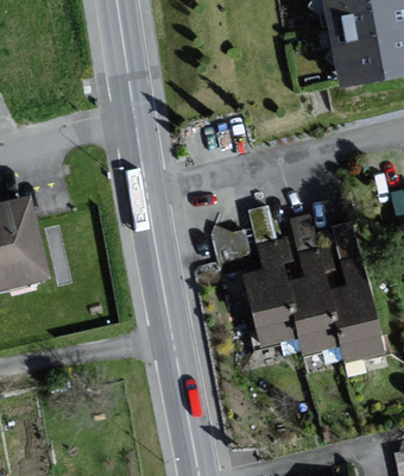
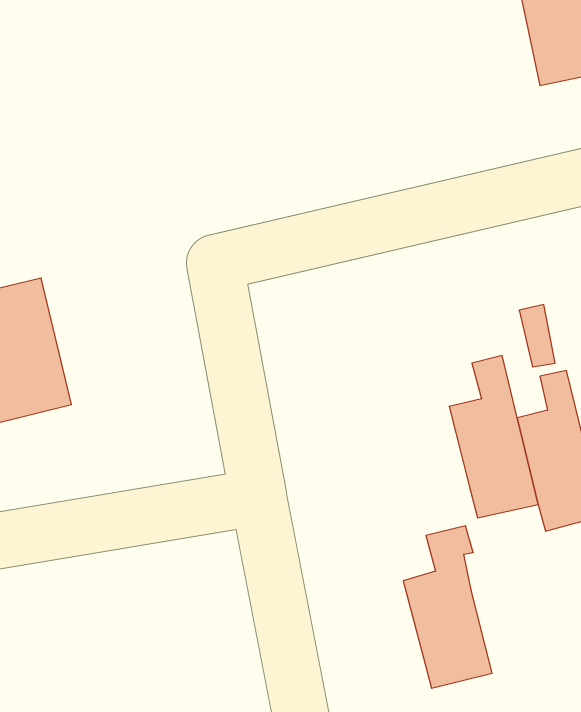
building: [246,242,302,344] -> [403,526,492,688]

